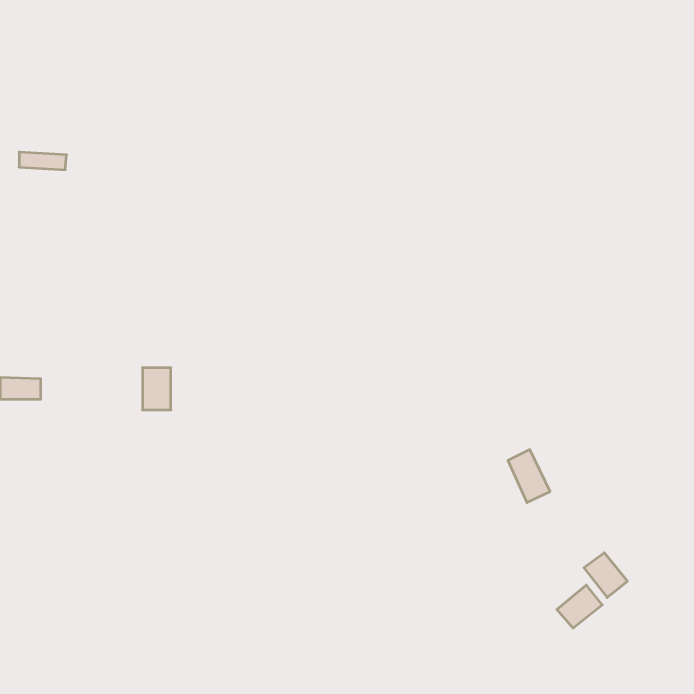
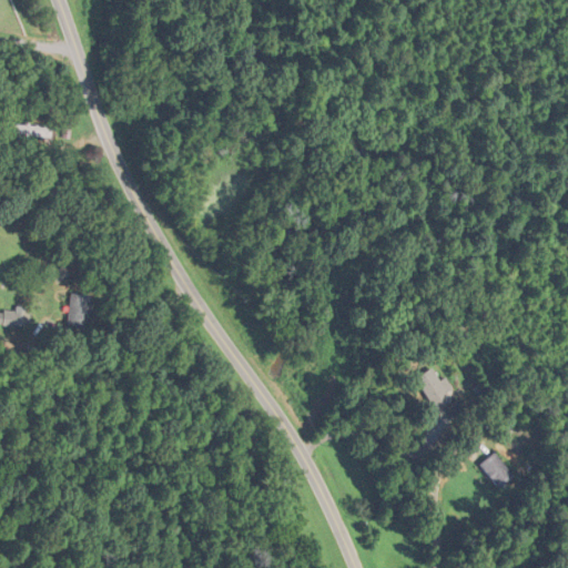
building: [142,368,171,410] -> [71,294,94,328]
building: [557,585,602,628] -> none

